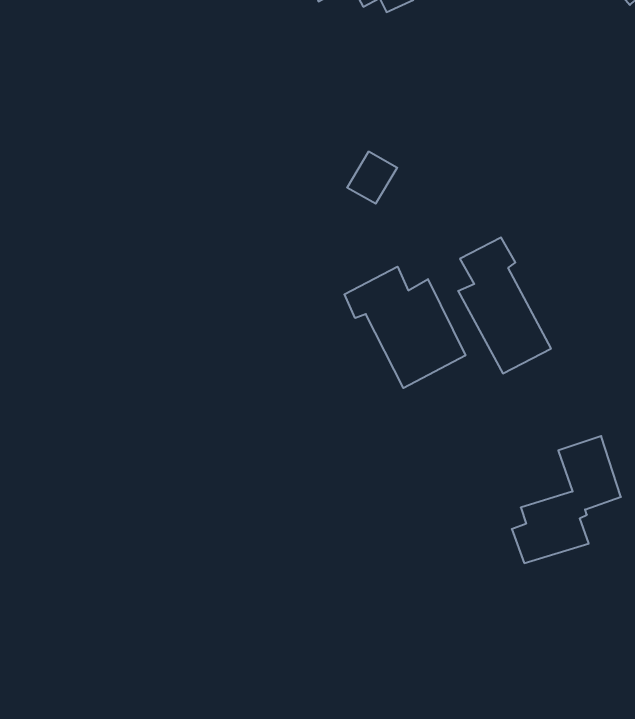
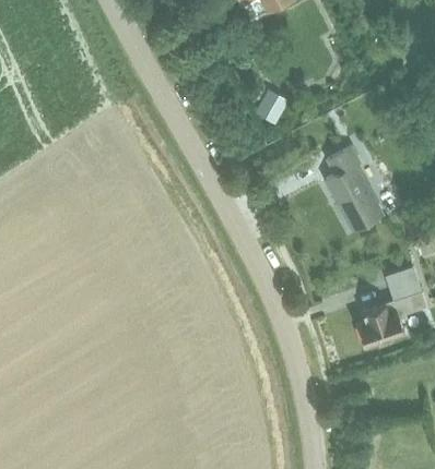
building: [344,267,465,388] -> none

